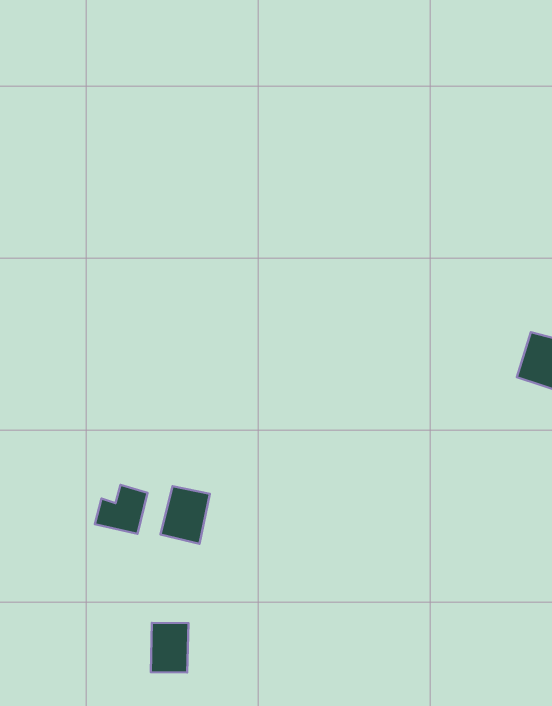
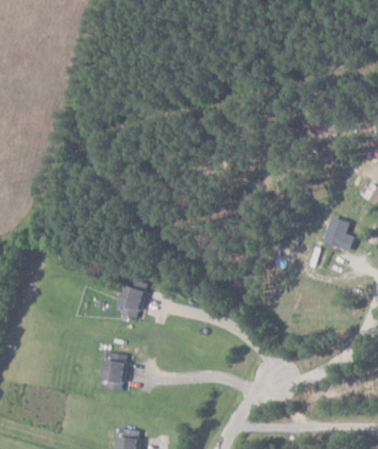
building: [95,485,147,534] -> none

